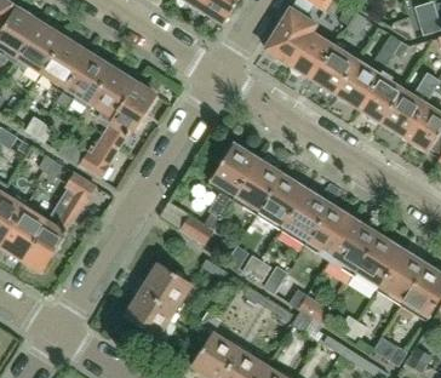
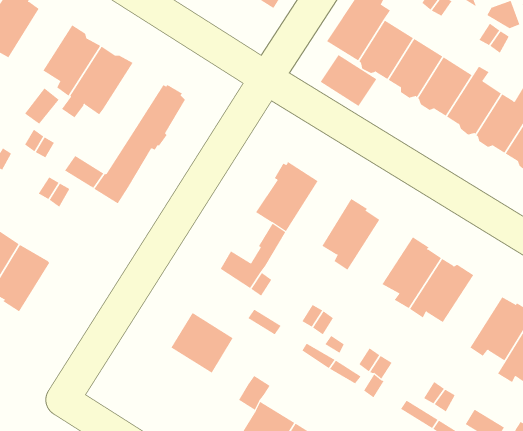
building: [15,23,64,71] -> none
building: none -> [320,54,377,107]
building: [90,65,136,122] -> none
building: [233,159,284,210] -> none
building: [23,172,96,271] -> none
building: [281,189,332,240] -> none
building: [356,233,402,290] -> none
building: [125,290,174,337] -> none

